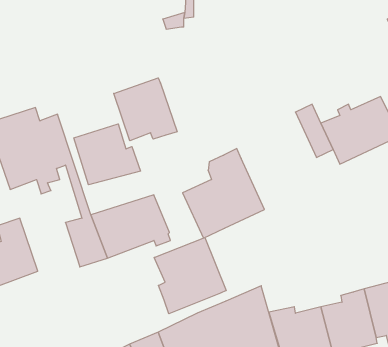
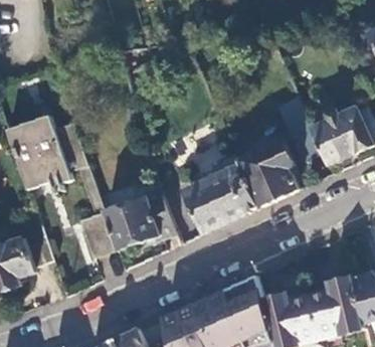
building: [114,78,177,141] -> none
building: [74,124,141,185] -> none
building: none -> [235,140,295,207]
building: [154,238,226,314] -> none

